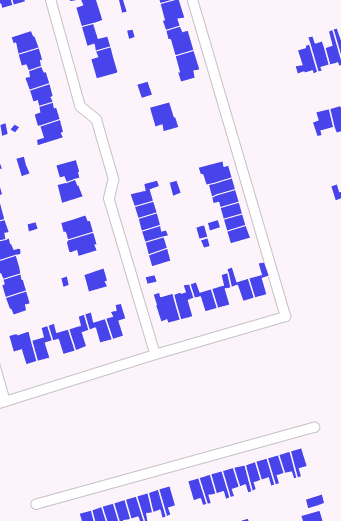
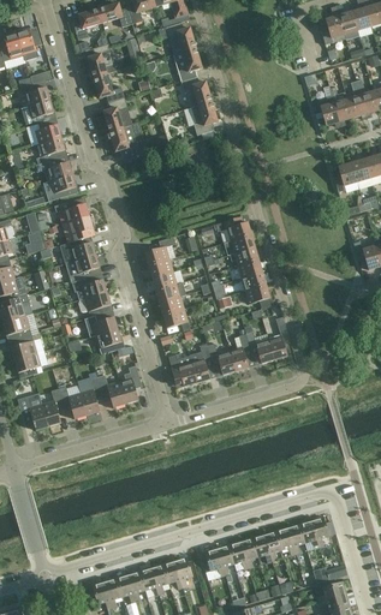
building: [149,102,179,132] -> [108,125,139,156]
building: none -> [53,197,88,223]
building: none -> [65,253,99,281]
building: none -> [83,310,117,336]

